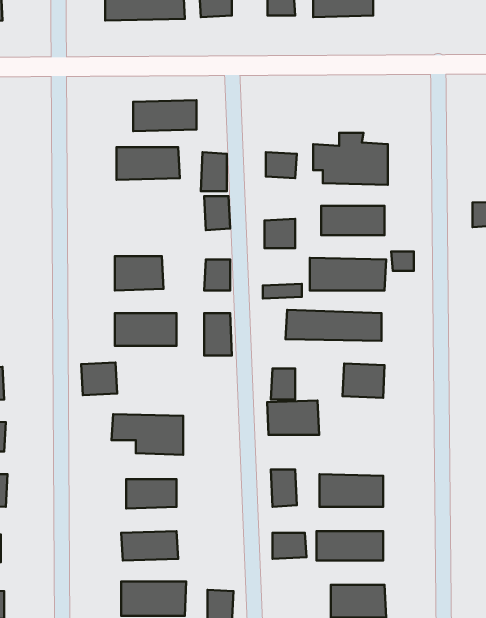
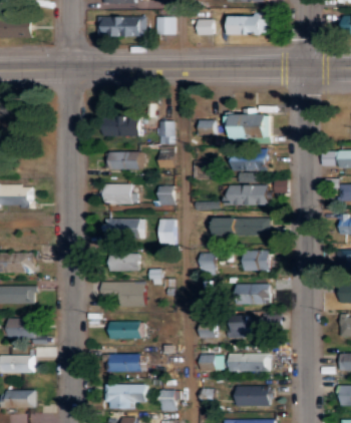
building: [133,100,197,131] -> [104,150,143,169]
building: [81,363,117,395] -> [117,252,139,272]
building: [267,401,319,435] -> [238,283,270,304]

